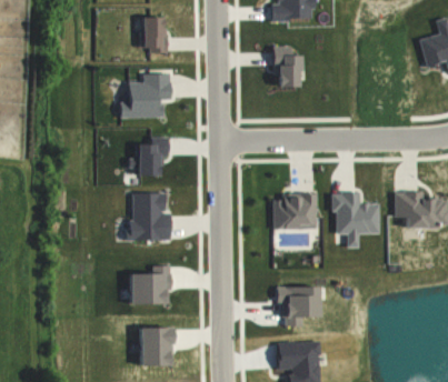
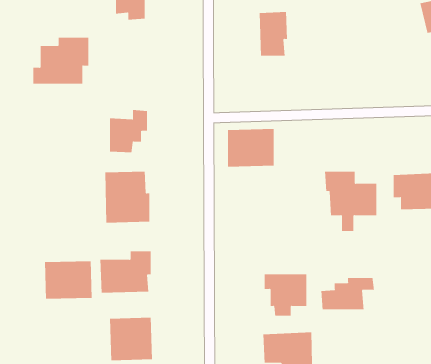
building: [120,73,172,117] -> [32,37,89,84]
building: [273,194,317,230] -> [227,129,274,167]
building: none -> [45,260,92,300]
building: none -> [321,277,374,310]

